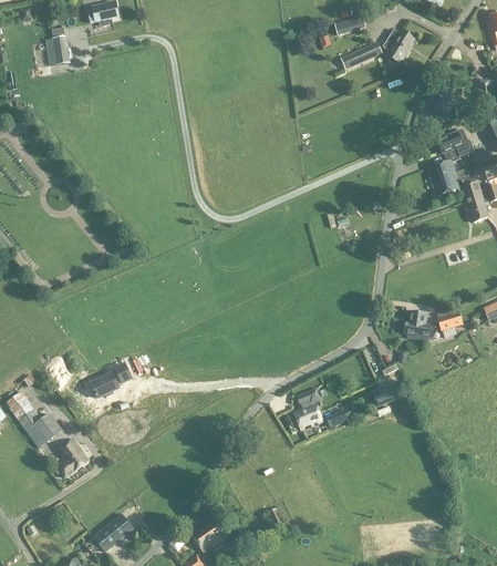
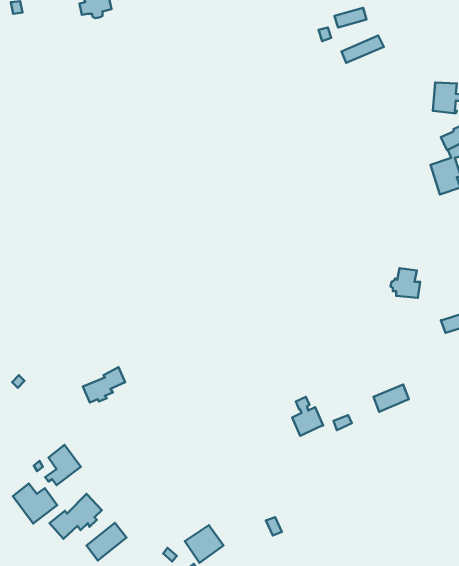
building: [383,28,416,62] -> none
building: [46,34,69,64] -> none
building: [402,310,431,339] -> [390,268,420,298]
building: [19,408,62,446] -> [13,483,57,524]
building: none -> [49,494,102,539]

